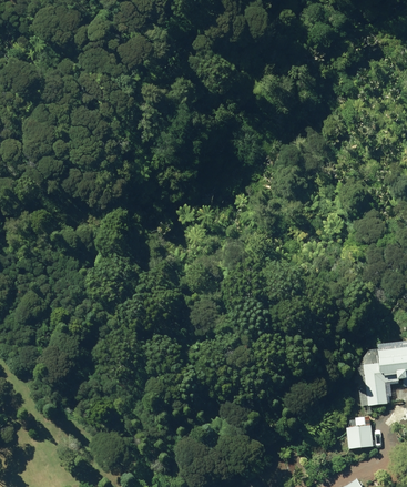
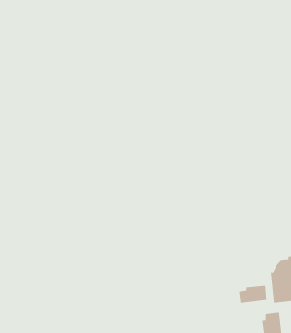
building: none -> [239,285,267,304]

